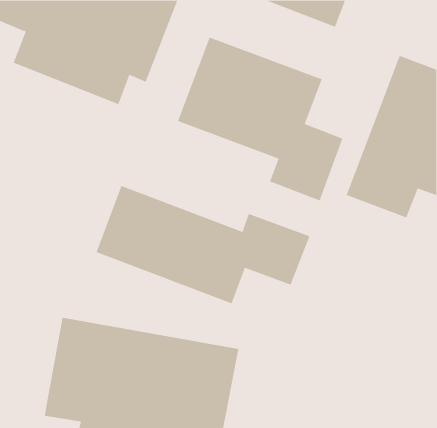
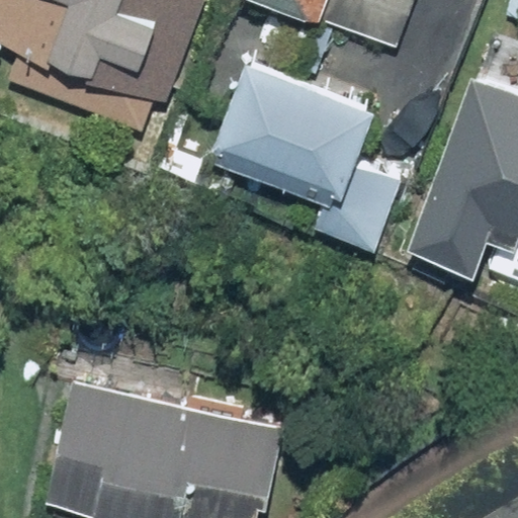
building: [96,185,310,304] -> none

